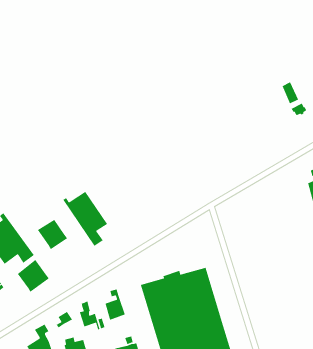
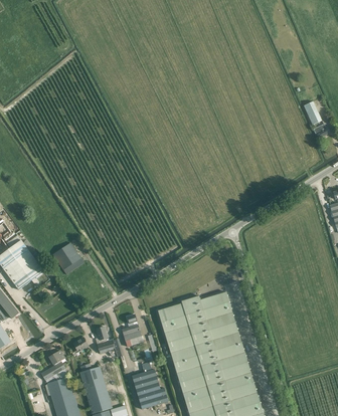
building: [62,191,108,247] -> none
building: [17,259,50,293] -> none

